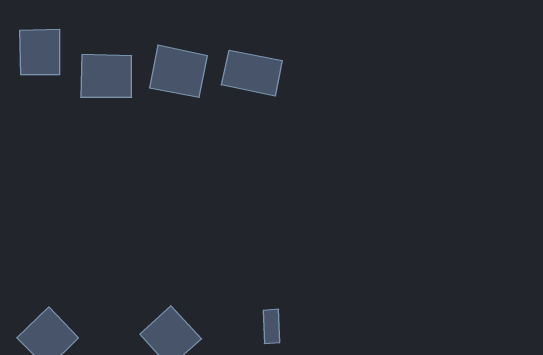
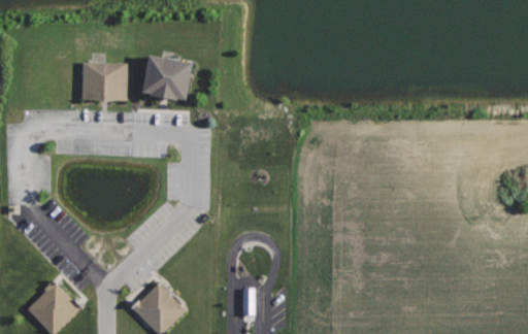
building: [20,29,59,75] -> none
building: [221,50,282,96] -> none

